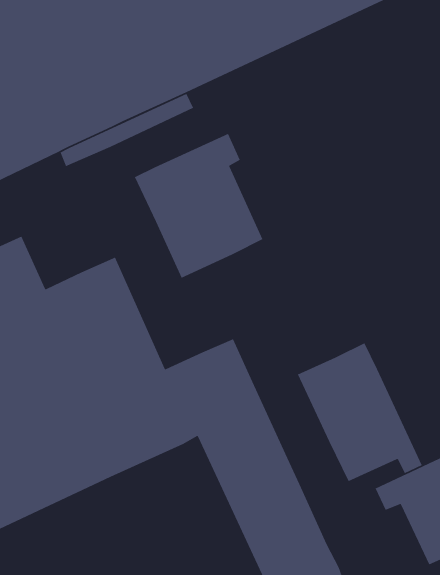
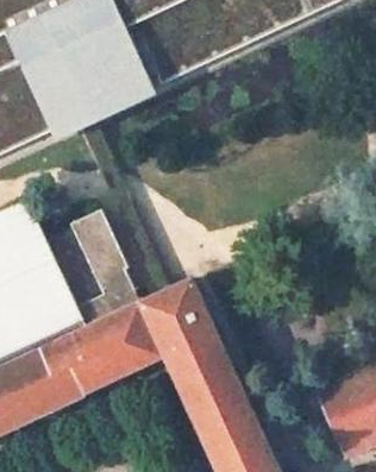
building: [134,133,264,279] -> none
building: [297,342,423,482] -> none

